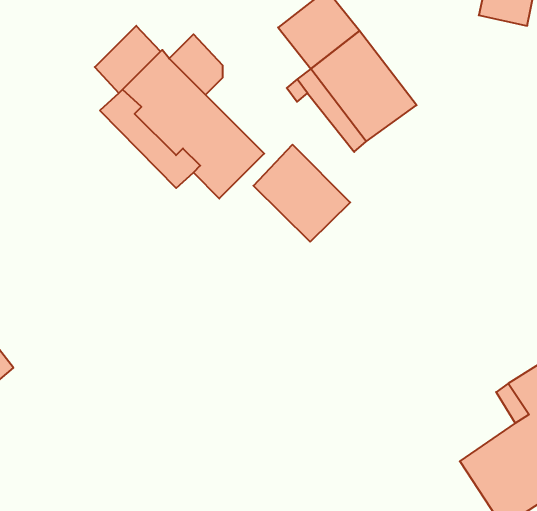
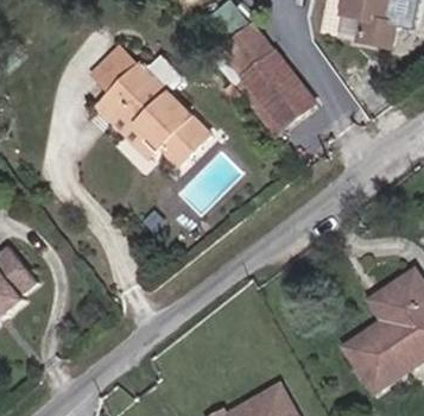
building: [253,145,350,242] -> none

